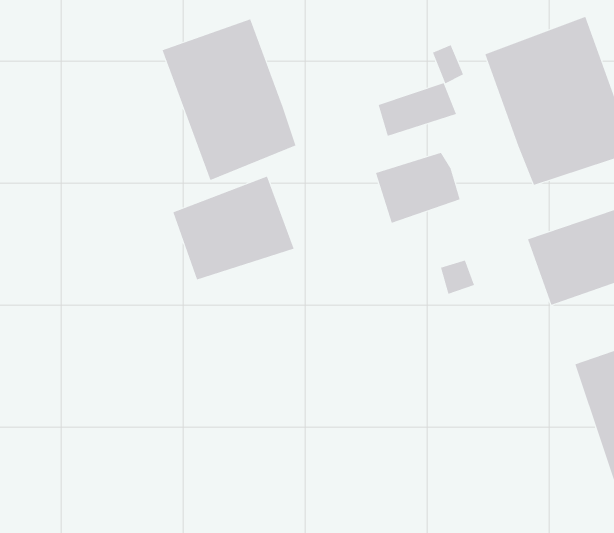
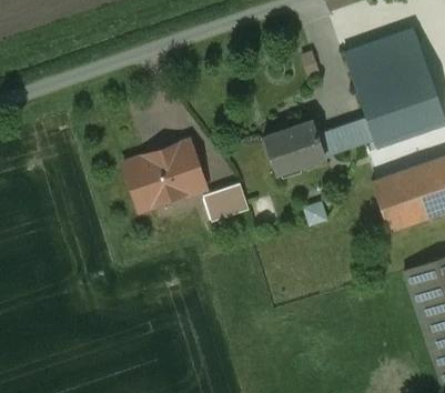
building: [162,18,296,181] -> none
building: [378,83,457,136] -> [318,119,374,157]
building: none -> [212,180,257,219]

